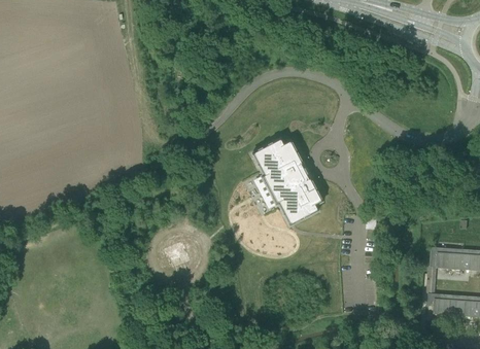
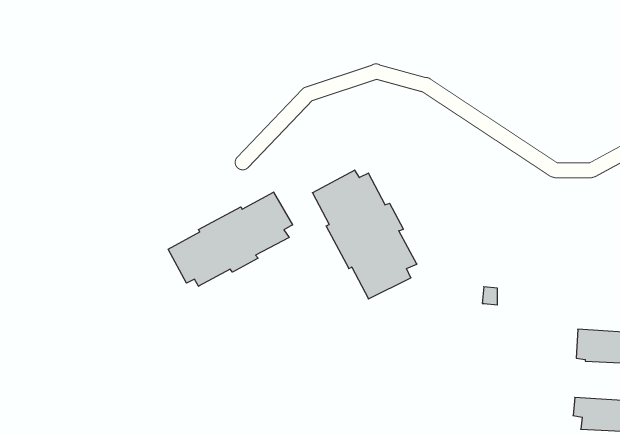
building: none -> [168,192,293,286]

